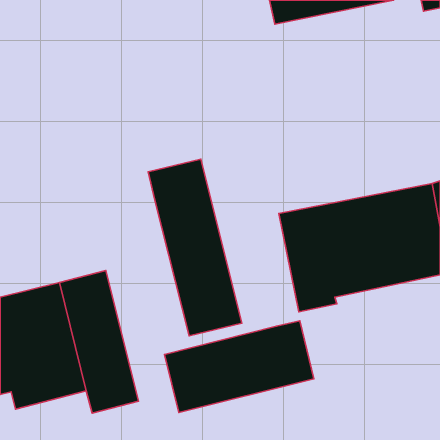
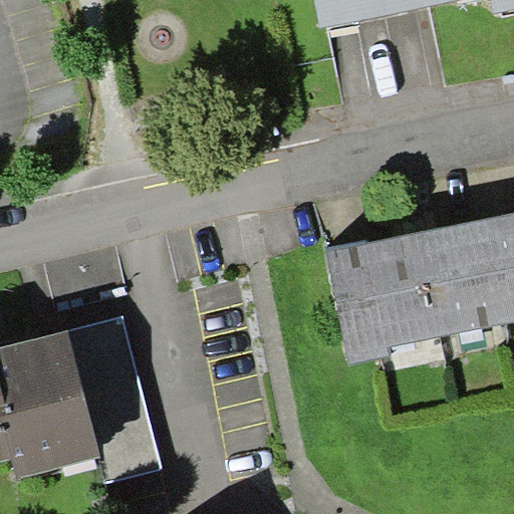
building: [148,159,242,336] -> none
building: [165,321,314,412] -> none

